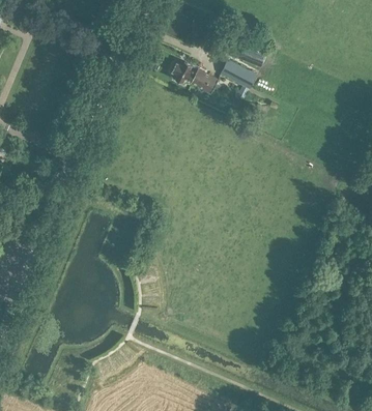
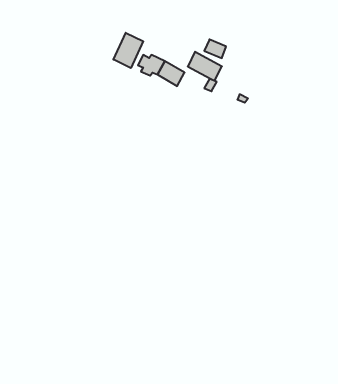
building: none -> [113,33,143,68]

